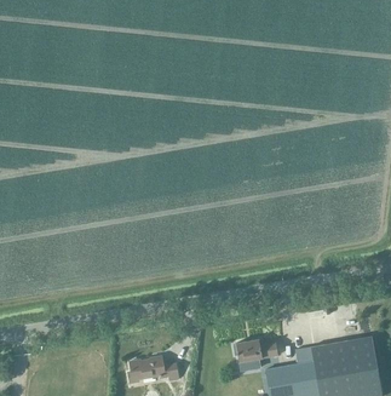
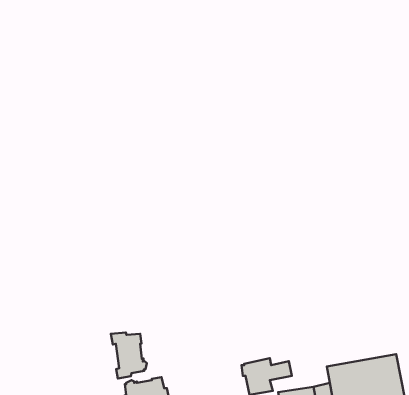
building: none -> [111,332,147,378]

